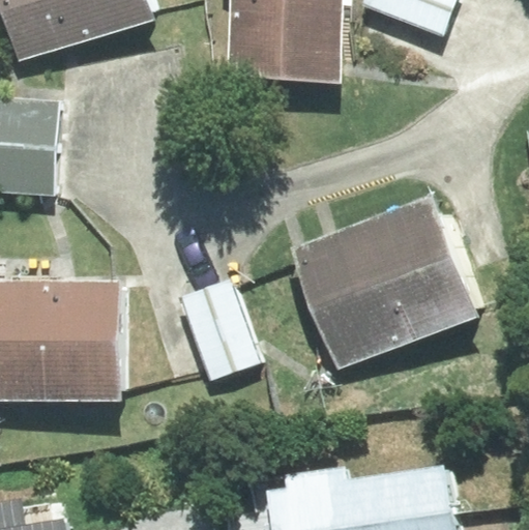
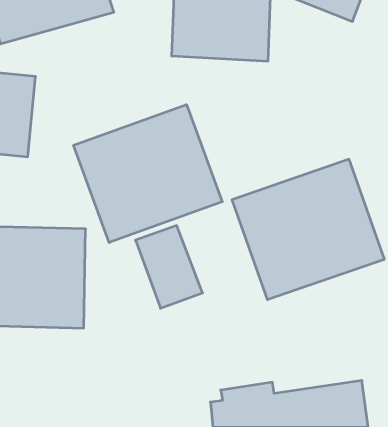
building: none -> [74,105,222,243]

